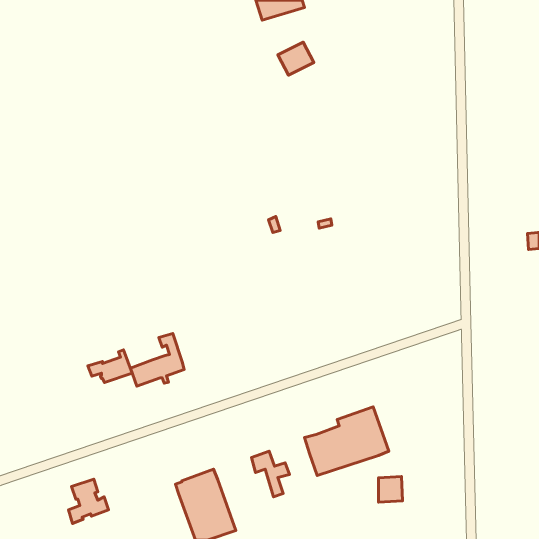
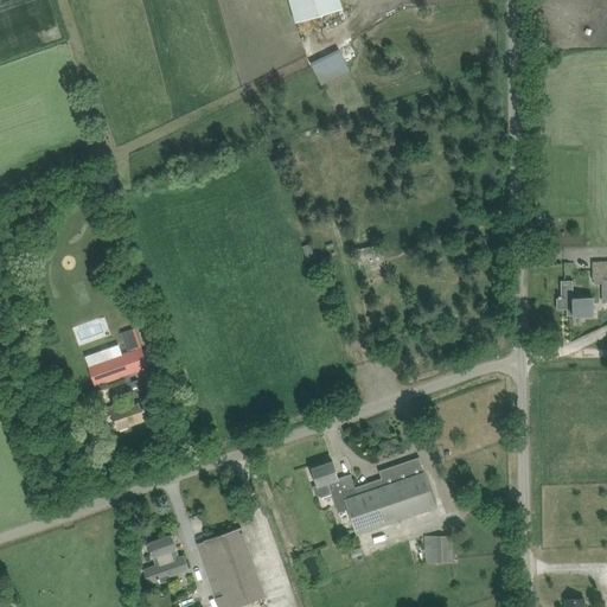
building: none -> [556,281,593,318]
building: [130,333,184,386] -> [88,328,148,388]
building: [251,451,289,497] -> [312,462,354,513]
building: [68,479,109,523] -> [143,536,189,586]

